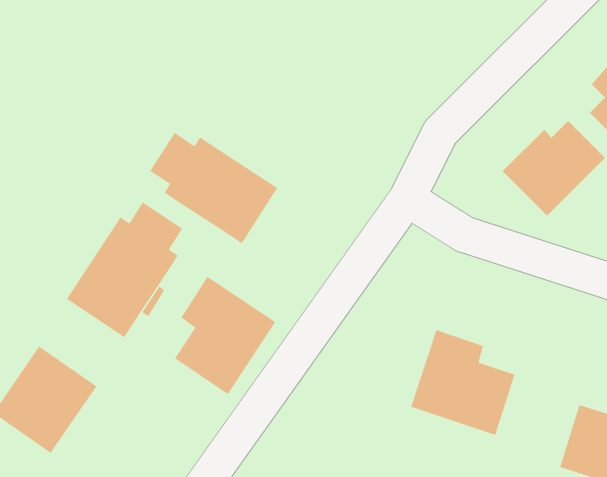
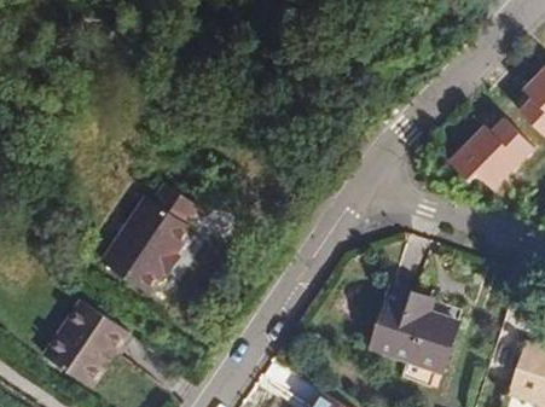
building: [149,132,278,244] -> none
building: [174,276,276,395] -> none

